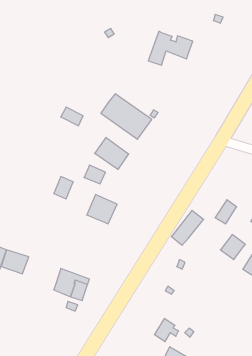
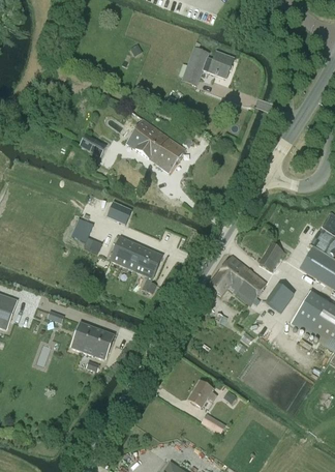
building: [95,137,129,169] -> none
building: none -> [134,247,162,293]
building: none -> [227,265,266,305]

